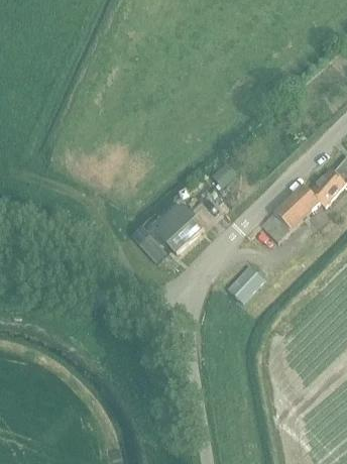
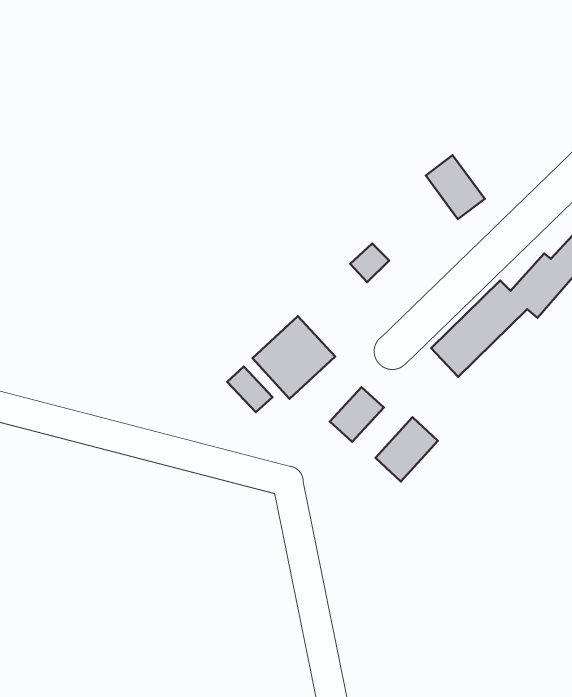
building: none -> [426,155,485,219]
building: none -> [330,387,384,442]

